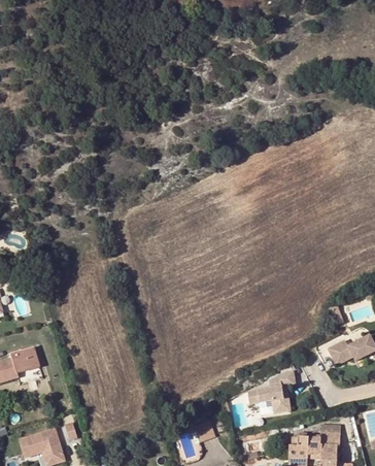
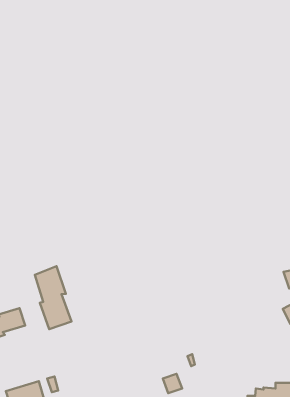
building: none -> [35,266,72,329]
building: [247,369,296,412] -> none

